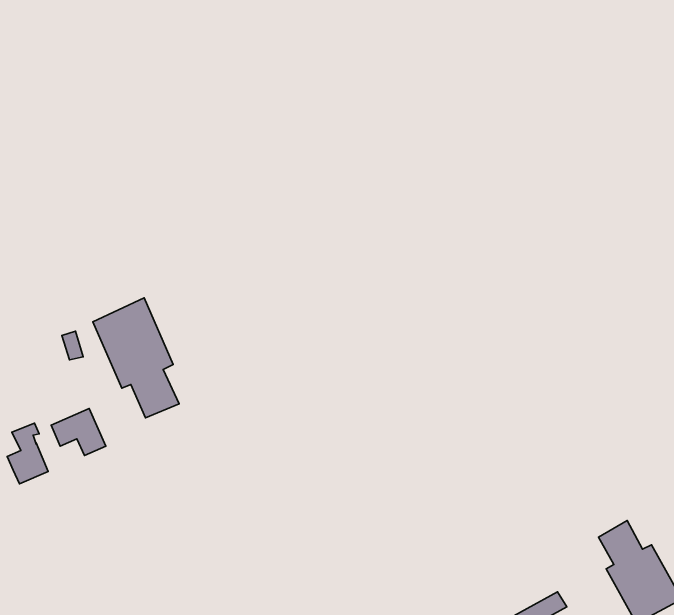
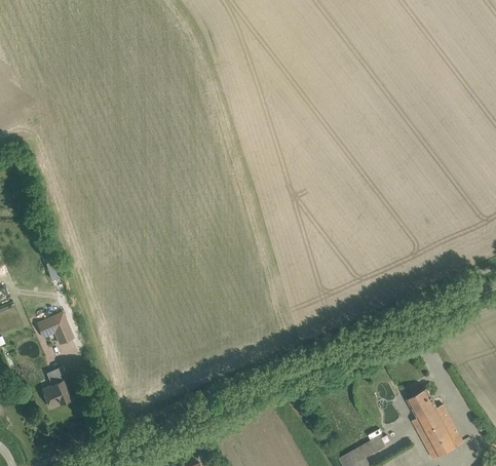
building: [93,298,179,418] -> none
building: [7,423,48,484] -> [42,367,70,409]

